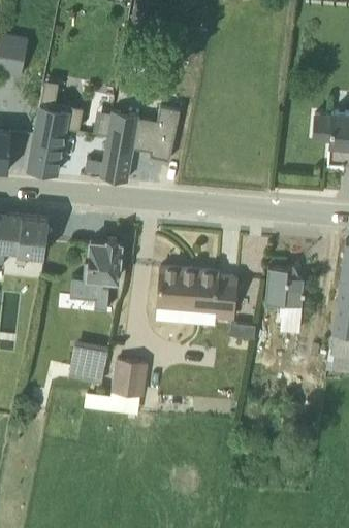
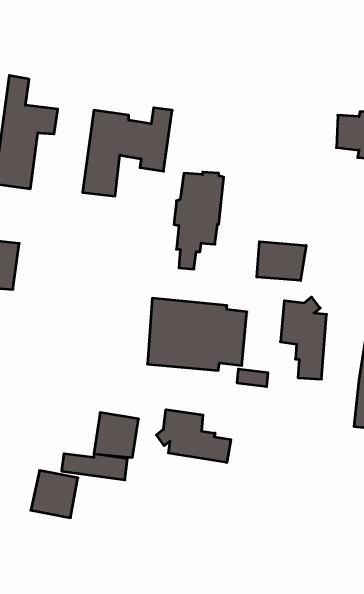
building: none -> [257,242,306,281]
building: [82,239,123,320] -> [174,172,224,269]
building: [68,345,107,385] -> [31,471,78,518]
building: none -> [156,410,231,463]

